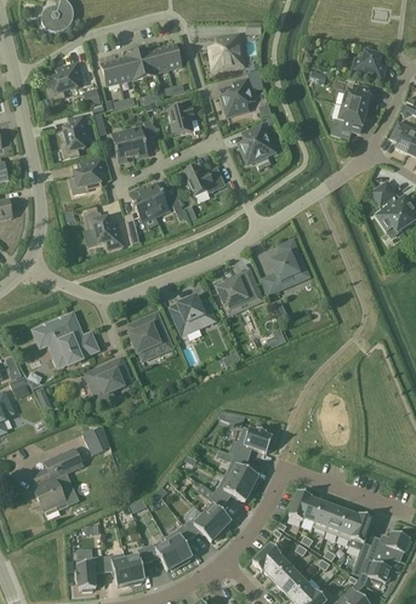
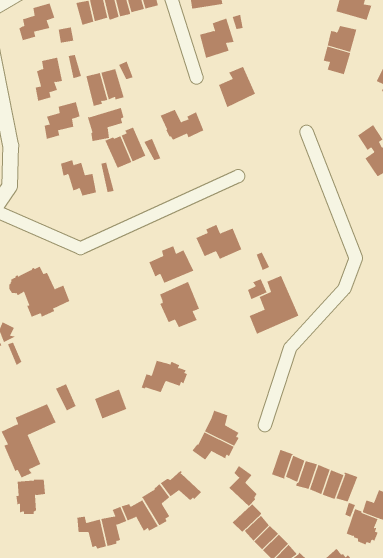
building: [169,98,195,133] -> none
building: none -> [87,107,124,142]
building: [262,239,310,296] -> [249,275,299,335]
building: [129,312,169,357] -> [158,281,200,328]
building: [95,369,126,398] -> [94,389,127,419]
building: [229,426,274,457] -> [141,360,188,393]
building: [204,491,232,531] -> [228,465,258,507]
building: [75,555,104,589] -> [15,479,46,514]

